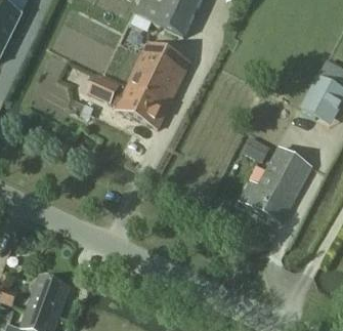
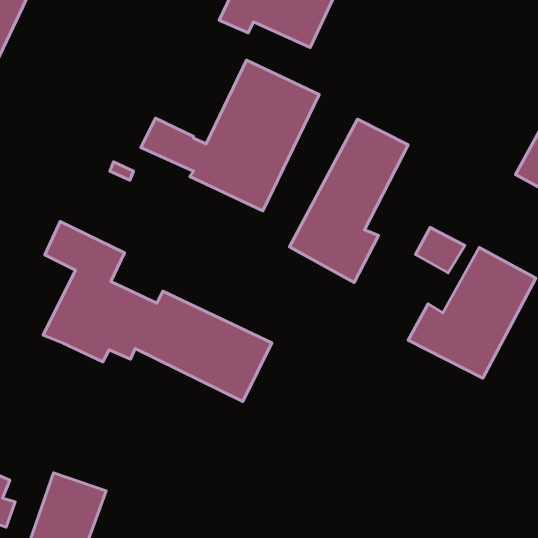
building: none -> [290,119,408,283]
building: none -> [43,221,272,402]

